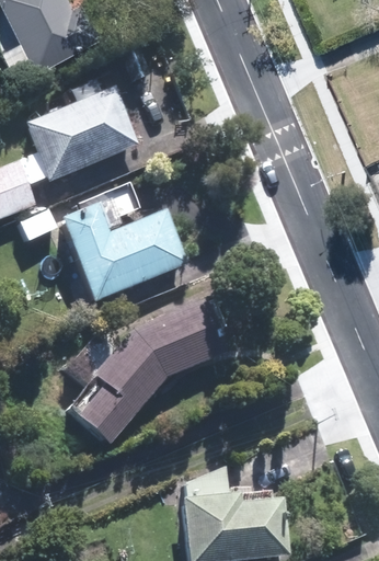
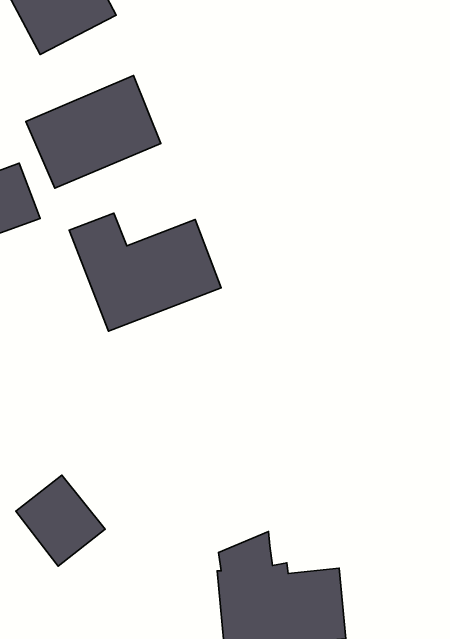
building: [78,298,229,444] -> none
building: none -> [16,475,105,566]

